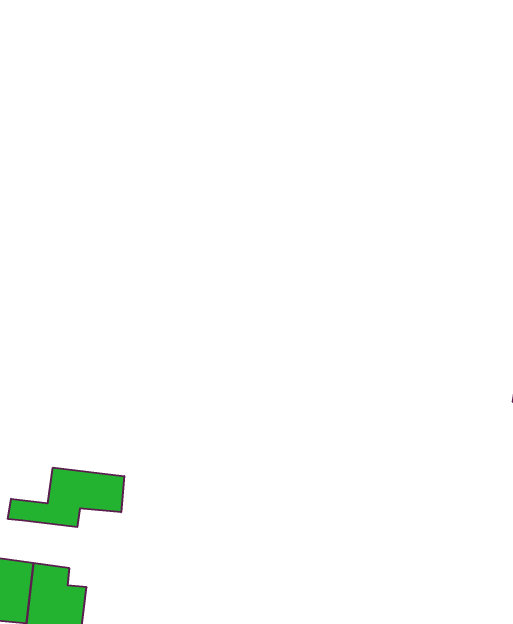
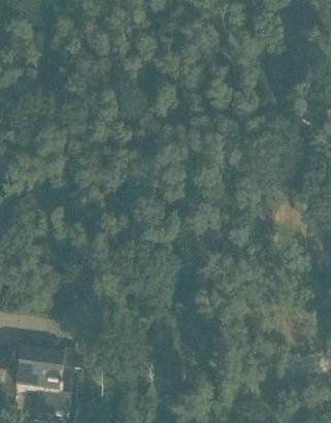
building: [8,468,124,527] -> none

